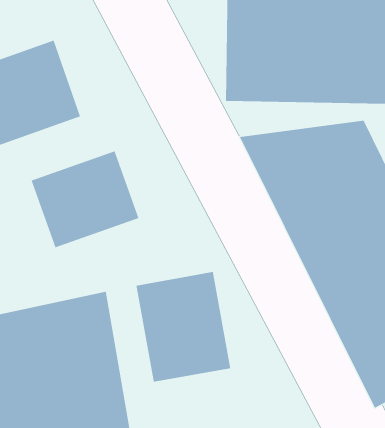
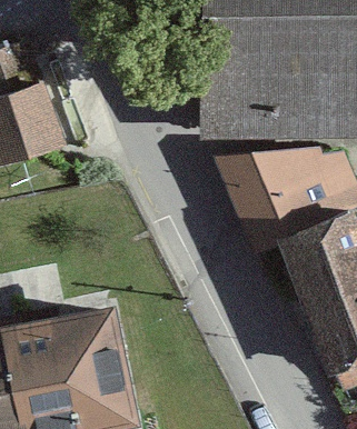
building: [31,150,139,248] -> none
building: [136,271,231,382] -> none

